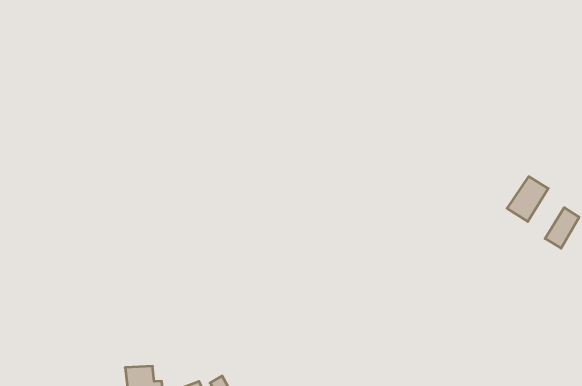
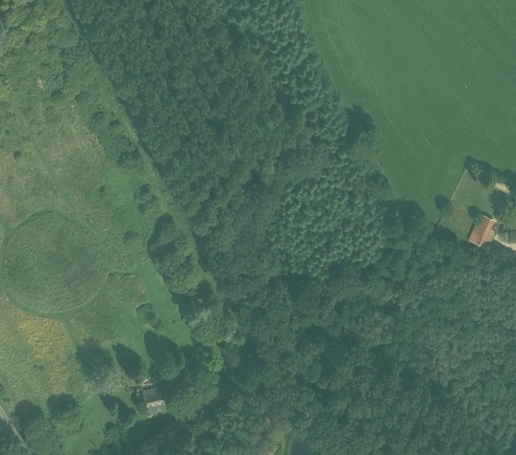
building: [507,177,548,222] -> none

